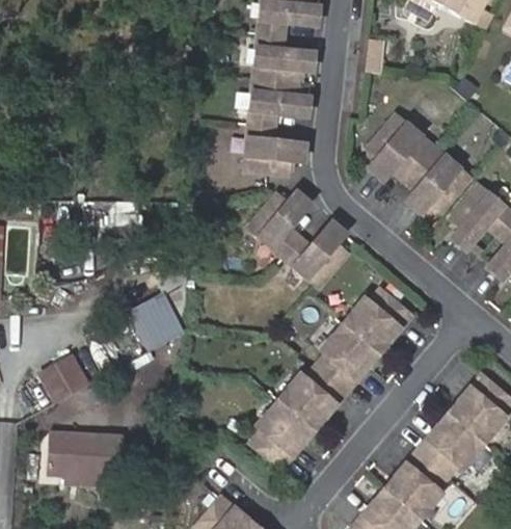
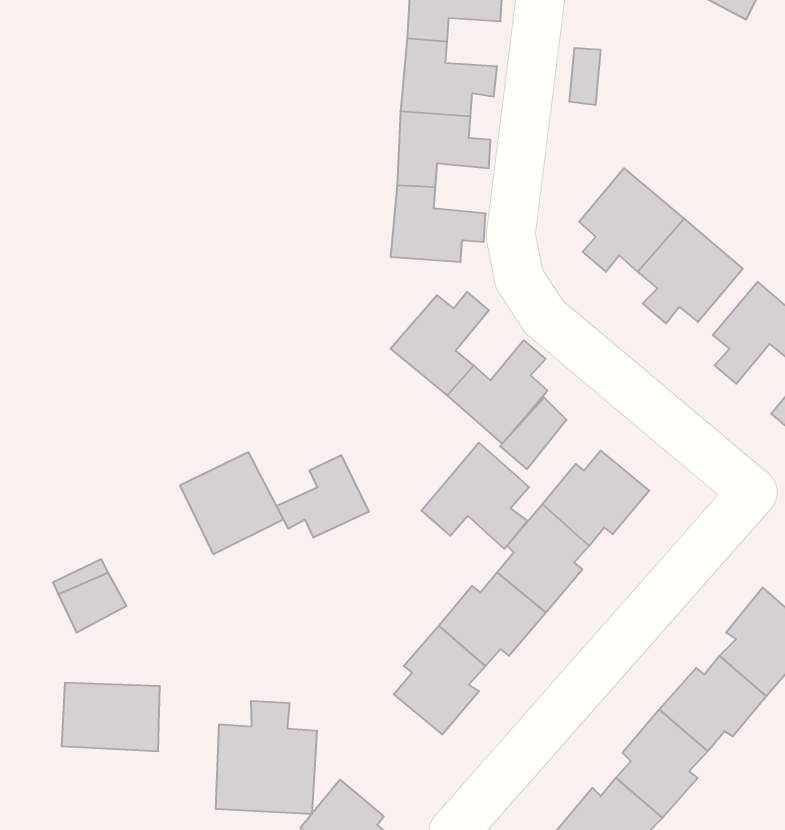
building: none -> [500,398,567,469]
building: none -> [421,443,529,549]
building: none -> [277,455,369,538]
building: none -> [216,701,317,814]

